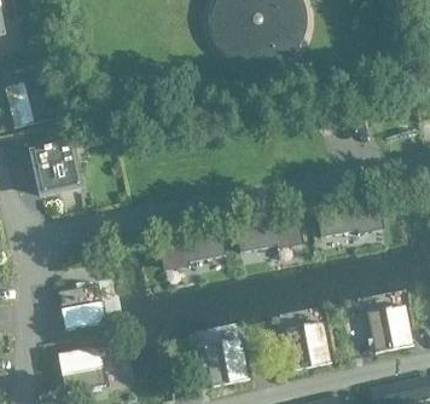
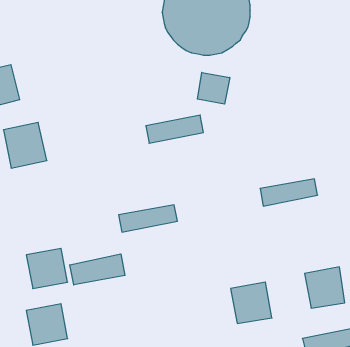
building: none -> [197,72,230,104]
building: [238,221,302,253] -> [146,115,203,143]
building: none -> [70,254,125,285]
building: [204,339,249,385] -> none

